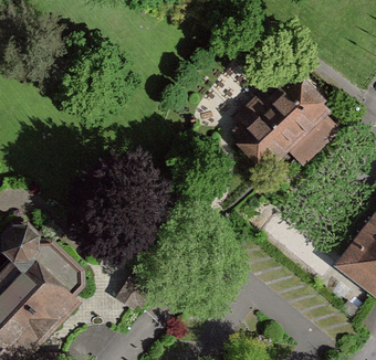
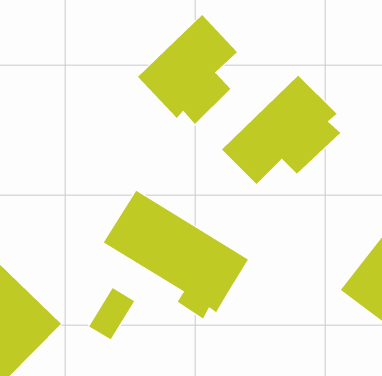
building: none -> [137,14,238,125]
building: none -> [103,190,249,320]

